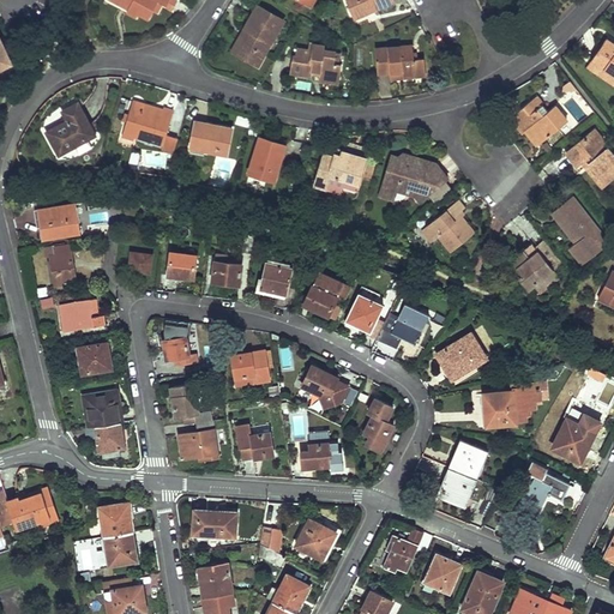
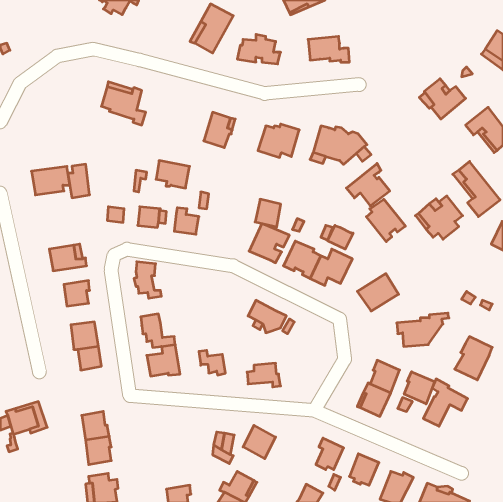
building: [46,103,96,156] -> none
building: [191,121,231,155] -> [156,161,190,188]
building: none -> [366,199,405,242]
building: [49,245,76,285] -> [68,164,90,198]
building: [260,263,291,296] -> [255,199,281,227]
building: none -> [328,225,353,249]
building: [231,350,270,386] -> none
building: [365,399,395,452] -> none
building: none -> [404,372,434,404]
building: [193,510,236,537] -> none
building: [198,562,231,597] -> none

